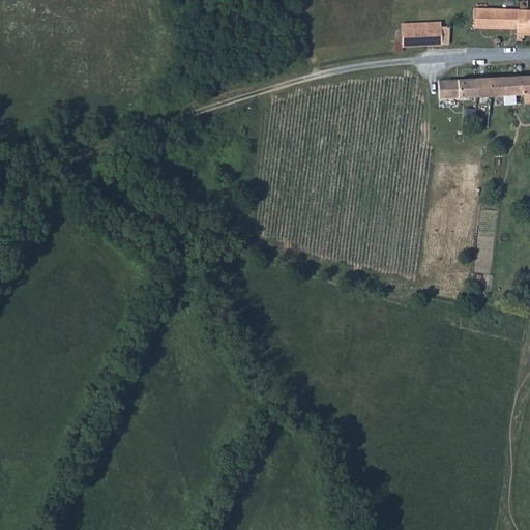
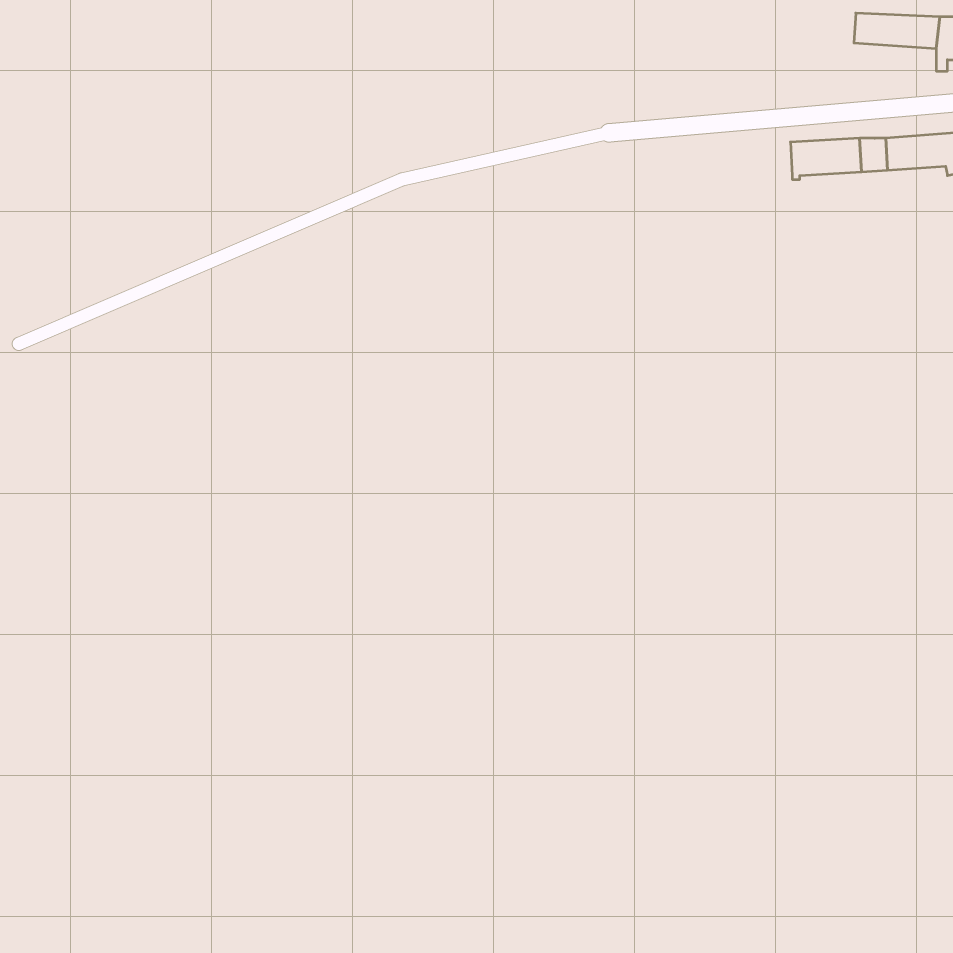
building: [394,26,450,51] -> none

